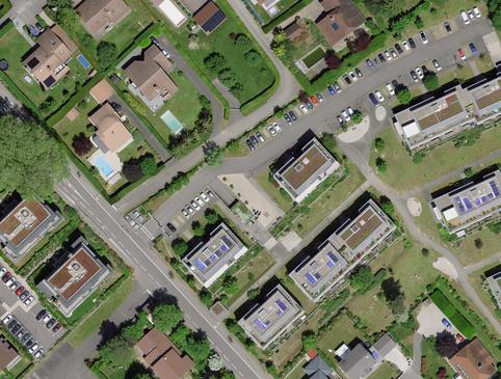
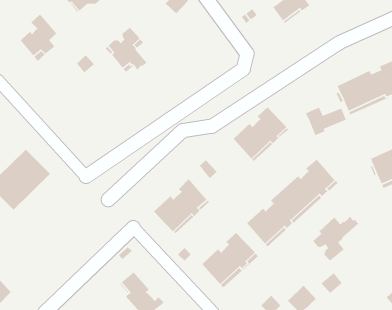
building: [91,105,128,150] -> none
building: none -> [305,106,347,136]
building: [39,243,109,312] -> none
building: none -> [312,215,359,262]

